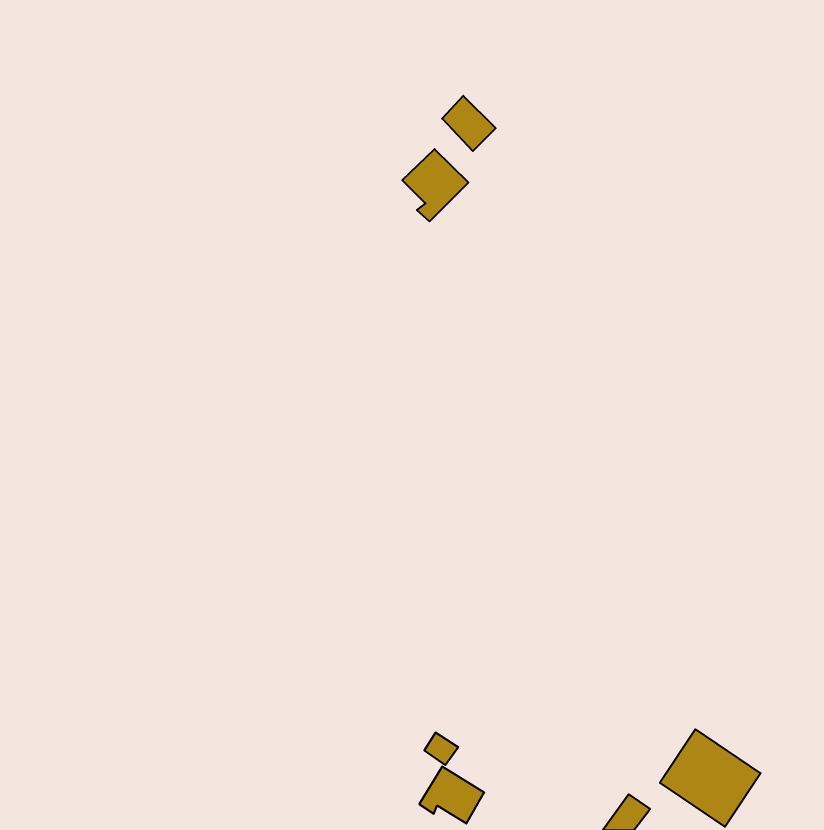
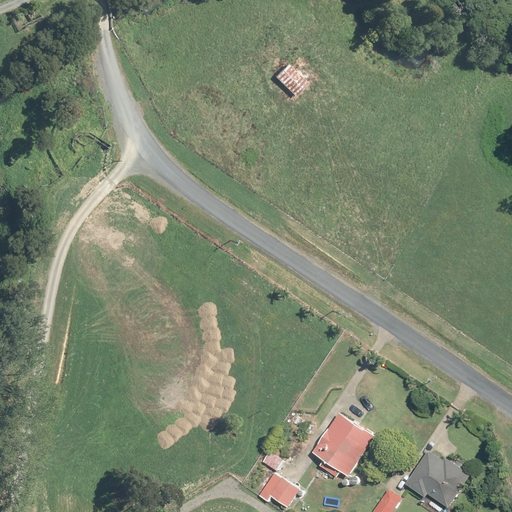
building: [402,149,468,221] -> none
building: none -> [312,412,375,477]

